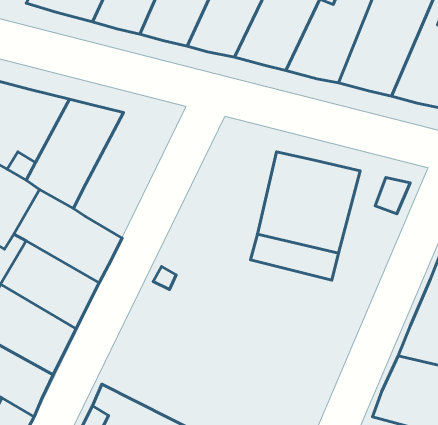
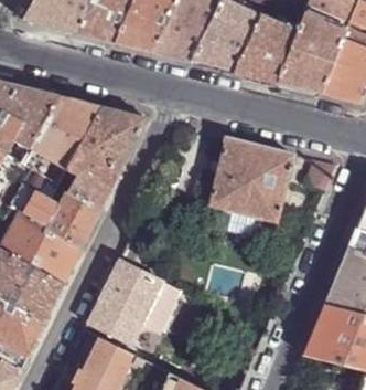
building: none -> [69,106,146,209]
building: none -> [88,260,179,345]

